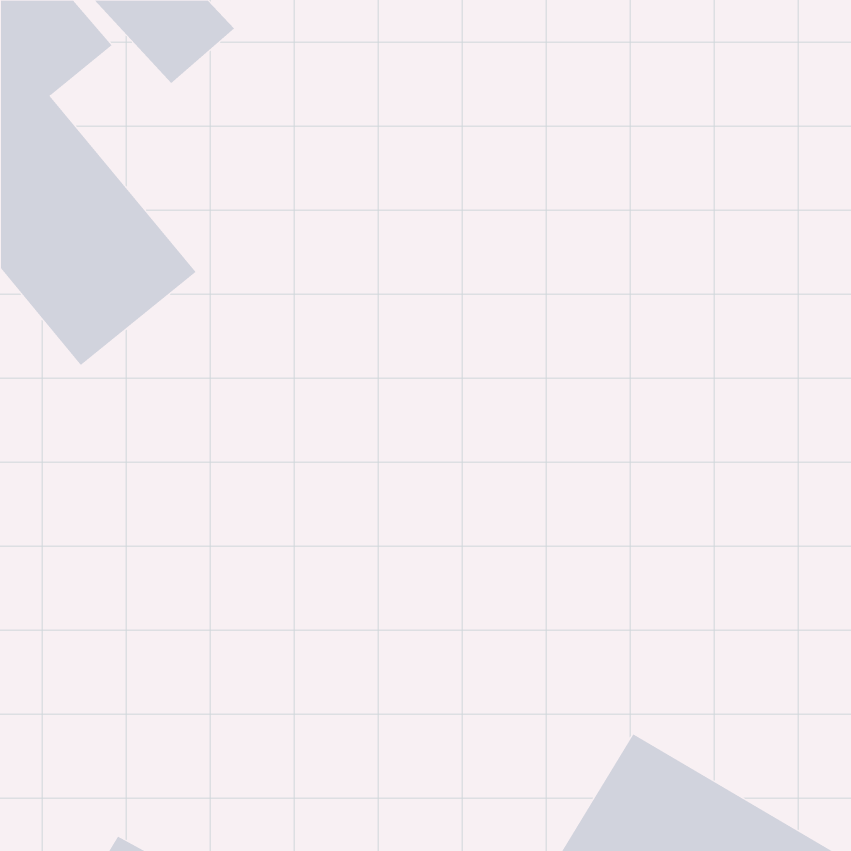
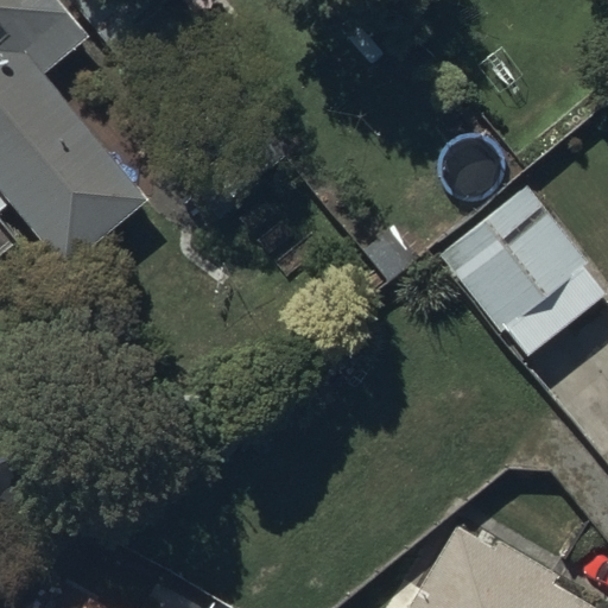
building: none -> [439,188,589,335]

